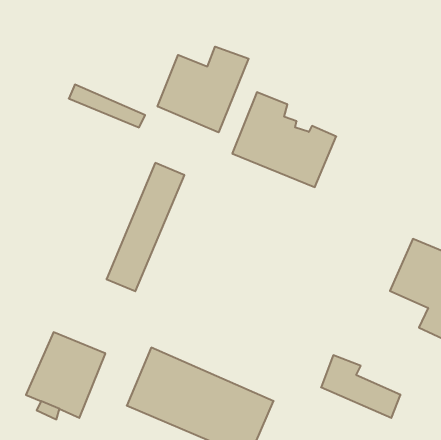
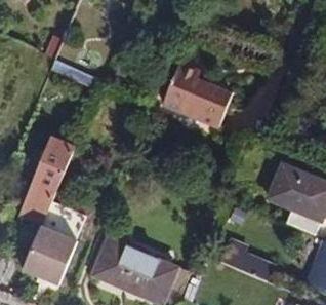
building: [158,47,249,132] -> none
building: [106,163,184,291] -> [23,138,75,224]

